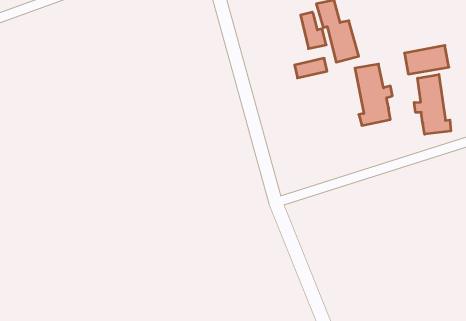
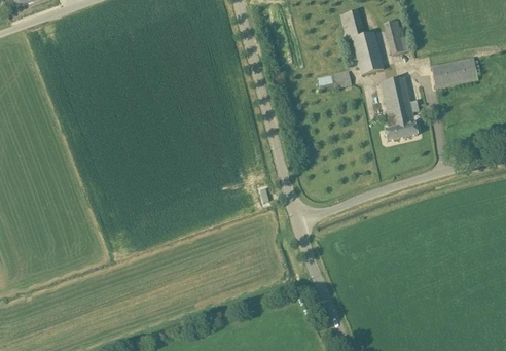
building: [301,12,326,49] -> [384,14,410,52]
building: [414,74,451,134] -> none

